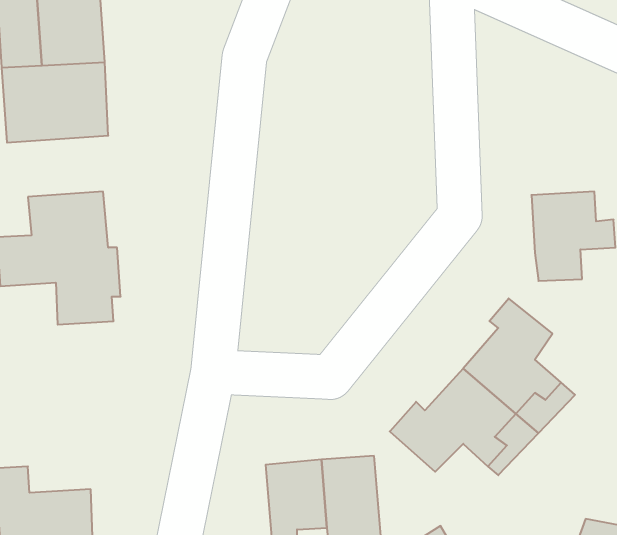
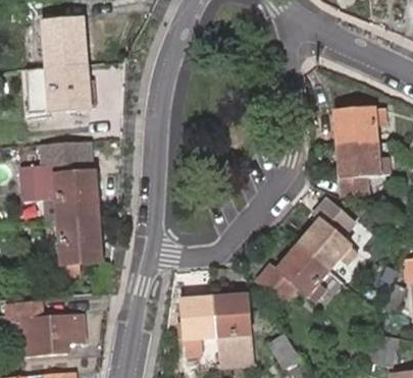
building: none -> [334,107,382,143]
building: none -> [61,216,101,262]

